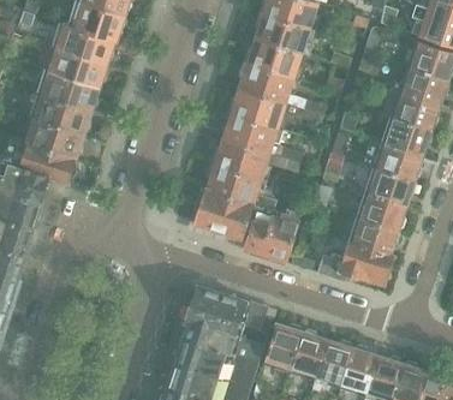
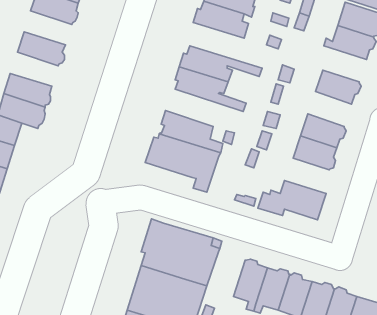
building: [52,49,106,88] -> none
building: [239,62,320,113] -> none
building: [389,91,439,130] -> none
building: [36,96,90,135] -> none
building: [211,138,299,180] -> none
building: [372,141,422,180] -> none
building: [258,211,299,263] -> none
building: [346,216,399,255] -> none
building: [263,323,302,372] -> none

